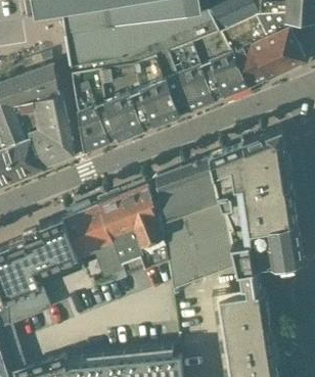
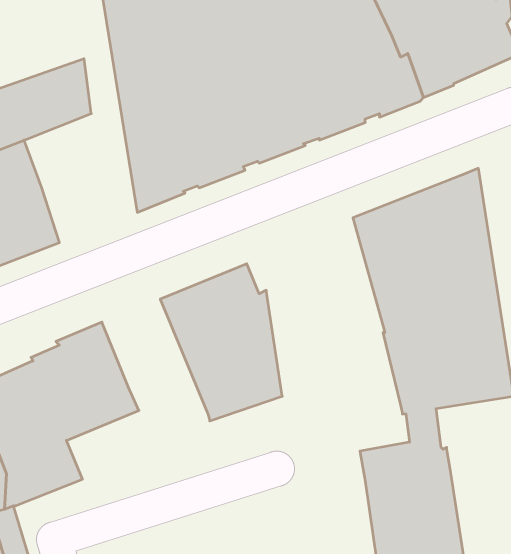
building: [18,95,74,171] -> none
building: [156,156,236,288] -> none
building: [63,203,125,275] -> none

